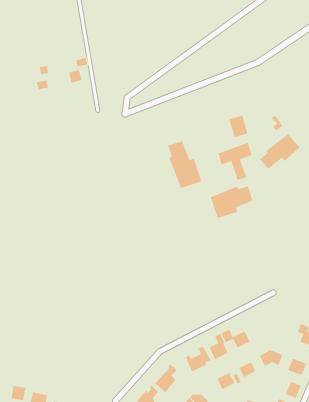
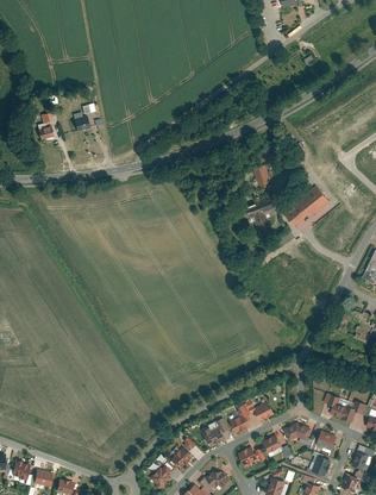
building: [168,141,202,189] -> none
building: [210,185,253,219] -> none

